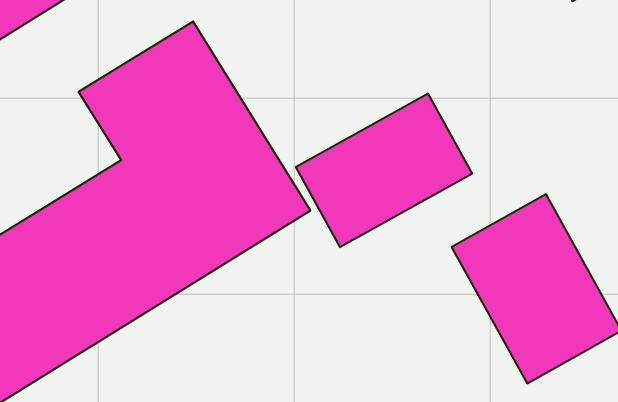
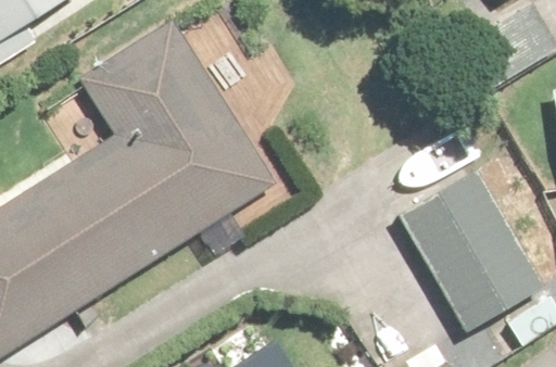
building: [296,93,472,247] -> none

